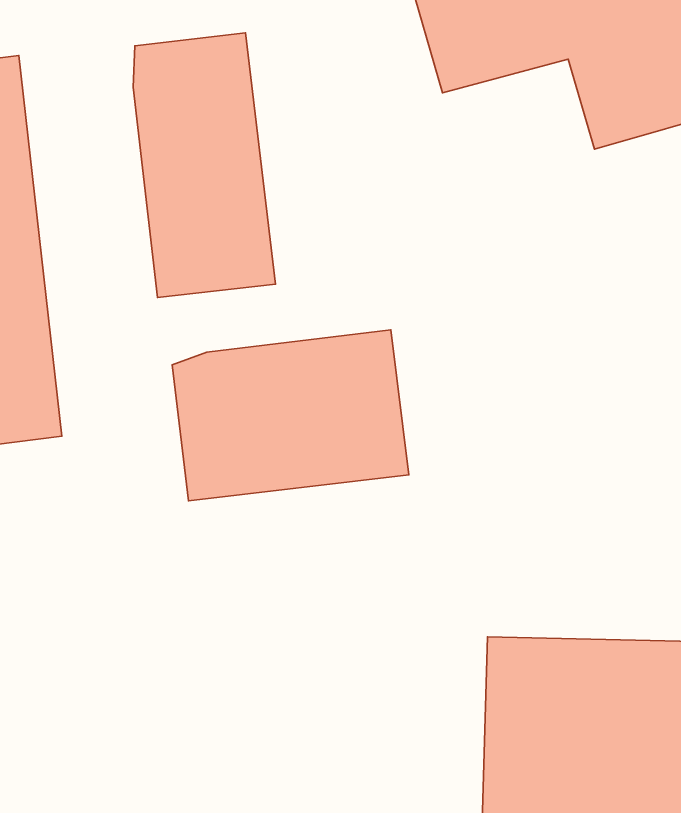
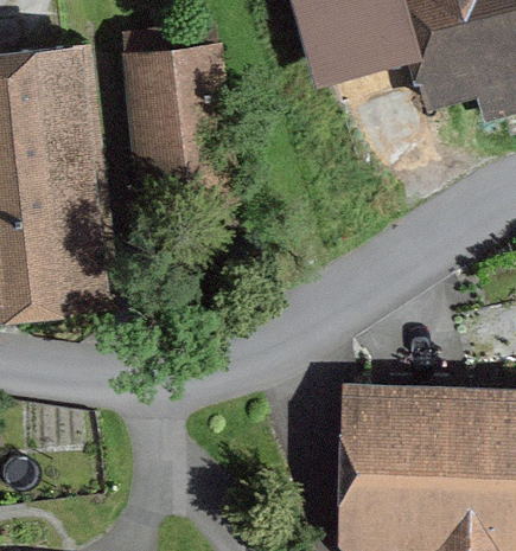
building: [172,330,409,501] -> none

